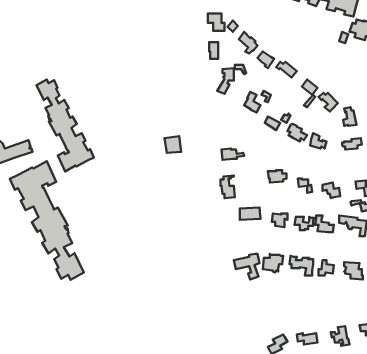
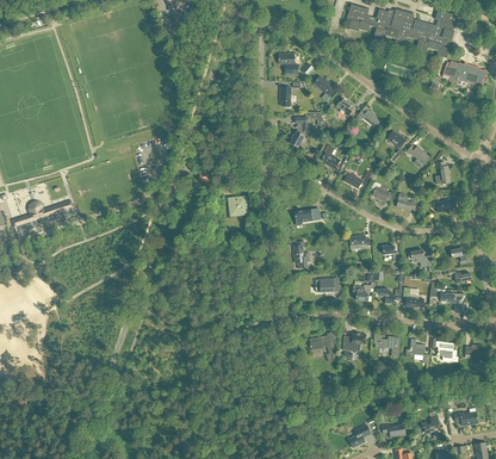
building: [37,79,94,171] -> none
building: [10,161,84,280] -> none

